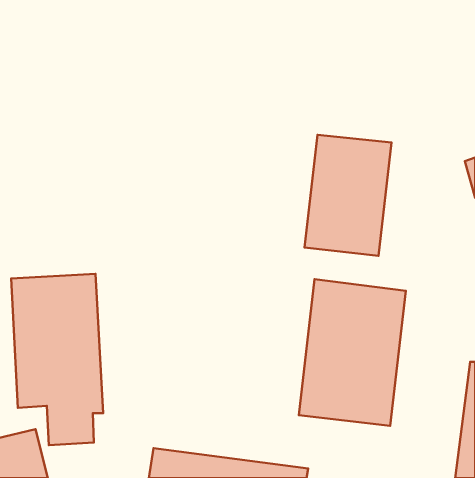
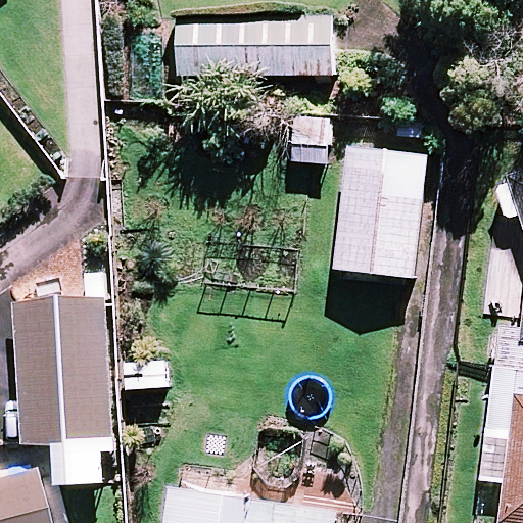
building: none -> [177,17,331,76]
building: [299,279,406,426] -> none

